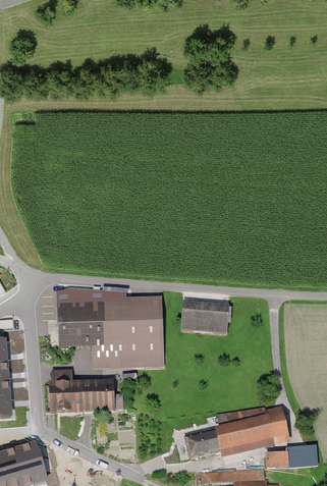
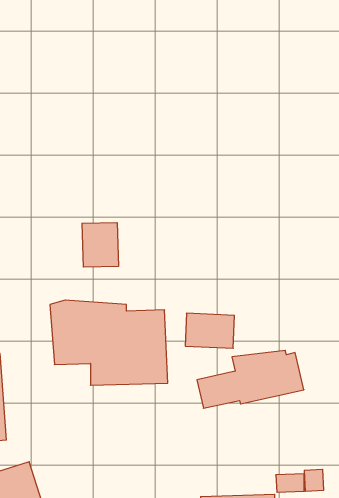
building: none -> [82,223,118,267]
building: [50,369,123,413] -> none
building: [182,406,282,460] -> [197,350,304,408]

